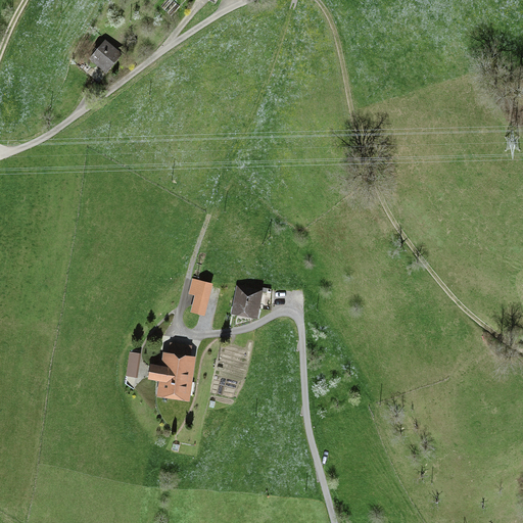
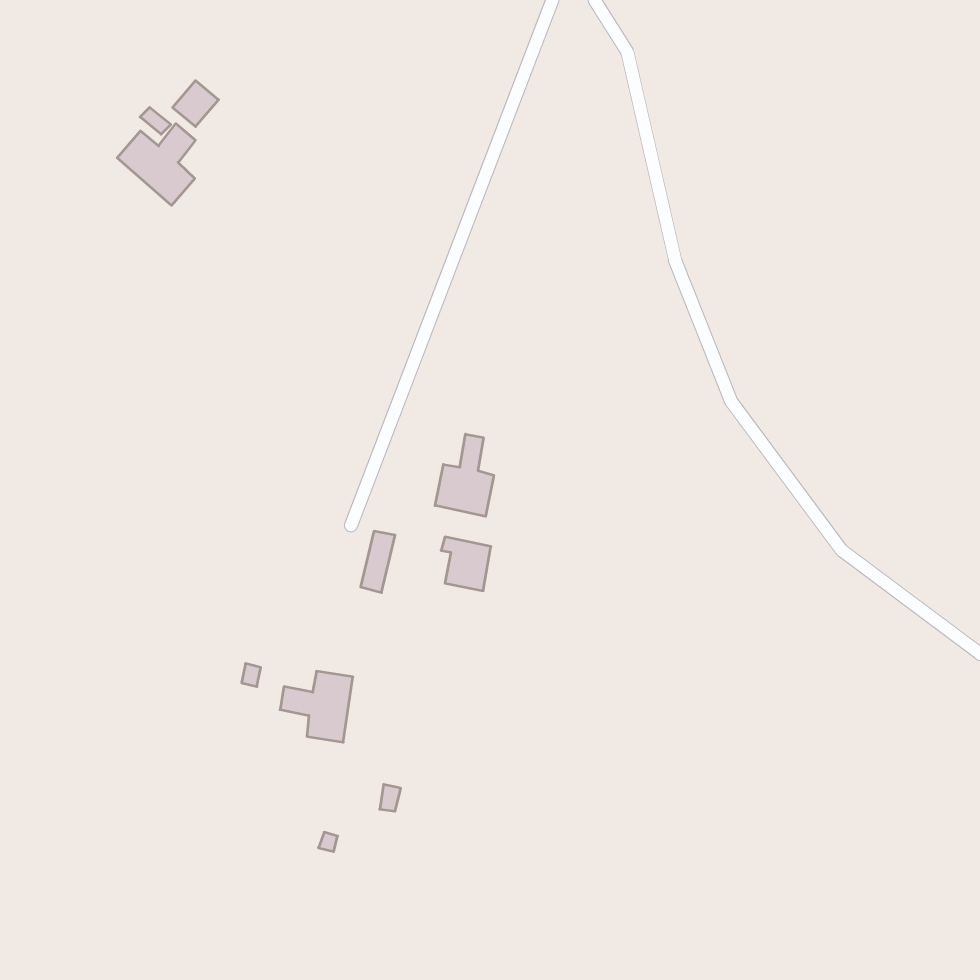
building: none -> [117,124,195,205]
building: none -> [435,434,494,516]

